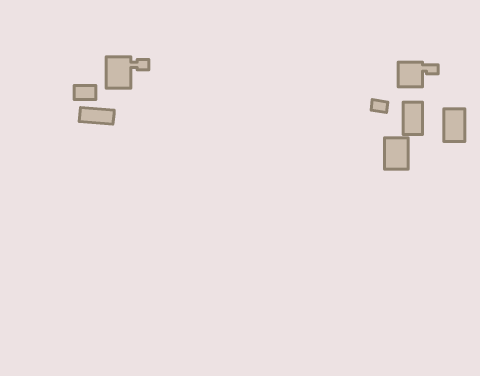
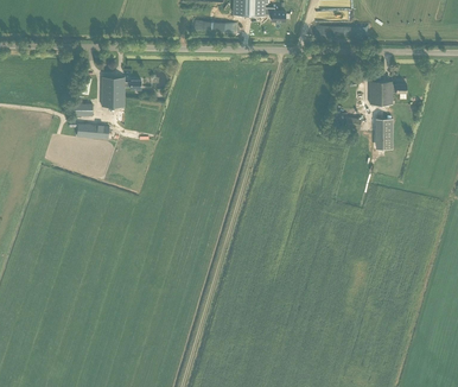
building: [444,109,465,141] -> none
building: [384,138,408,169] -> none

